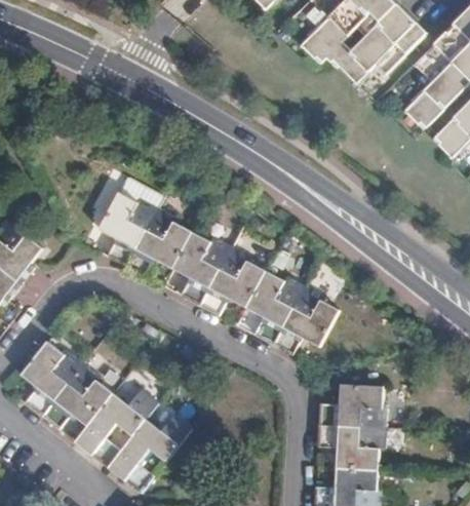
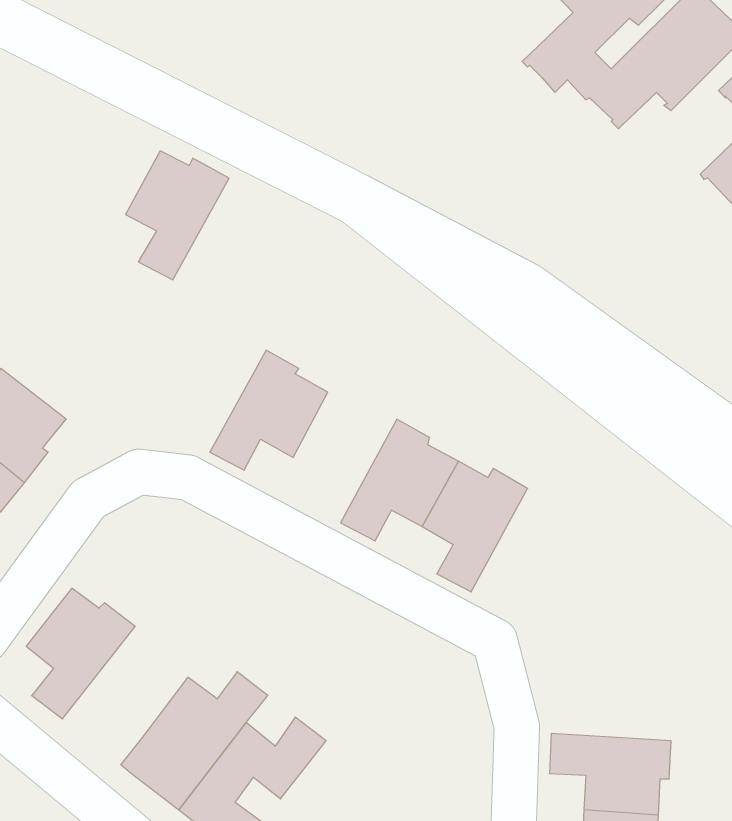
building: [99,192,157,265] -> [126,151,229,280]
building: [172,231,231,305] -> none
building: [273,285,340,355] -> none
building: [42,363,113,429] -> none
building: [318,384,387,428] -> none

